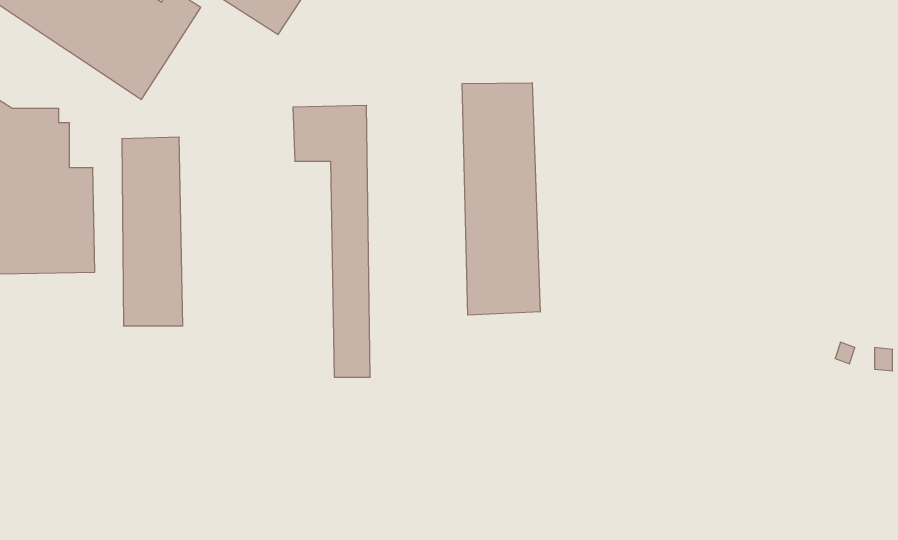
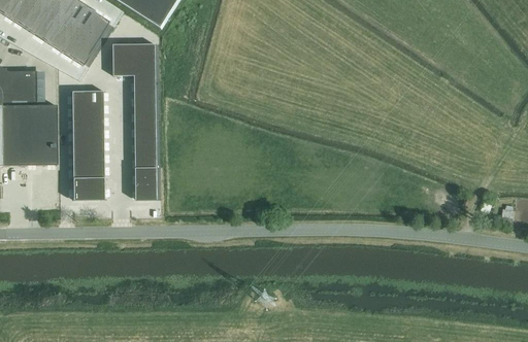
building: [462,83,540,315] -> none
building: [293,105,370,377] -> [112,43,157,199]

